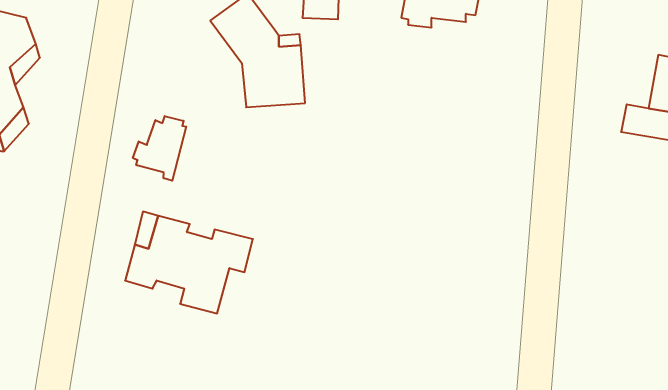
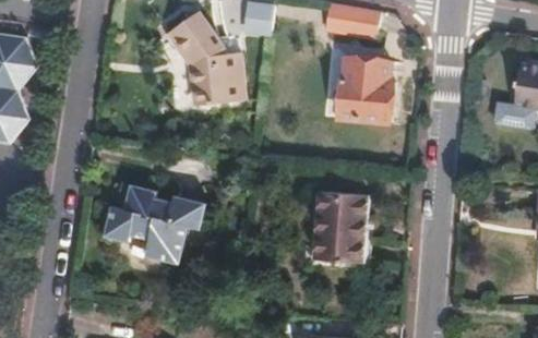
building: none -> [340,58,394,122]
building: [133,116,186,181] -> none
building: none -> [315,191,369,265]

